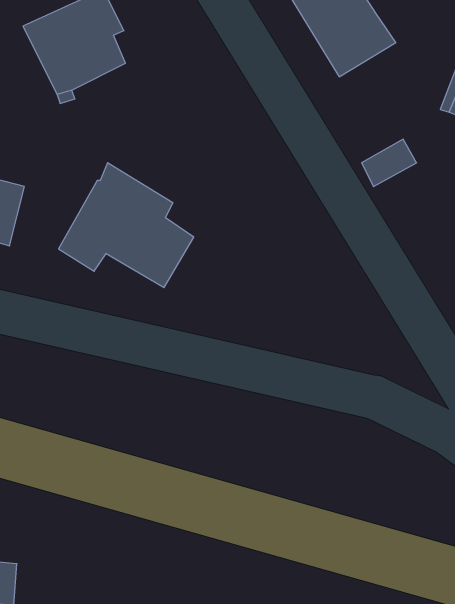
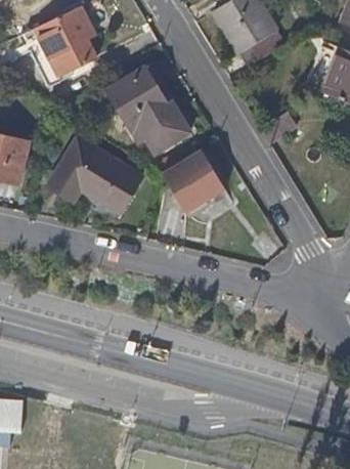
building: none -> [106,70,190,155]
building: none -> [160,150,225,214]

